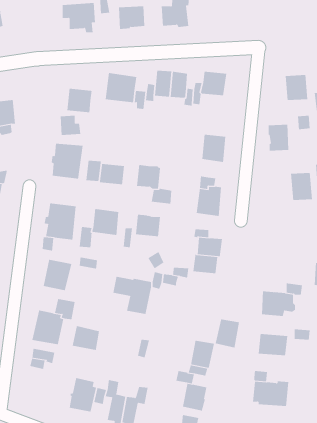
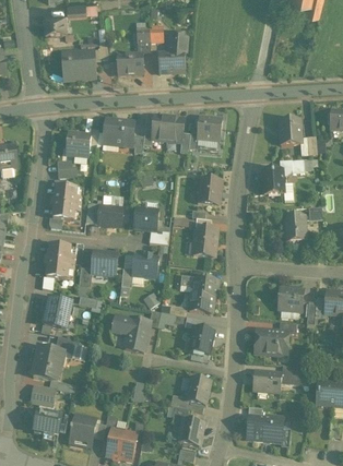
building: none -> [277,286,301,311]
building: [215,319,240,348] -> [188,326,212,355]
building: [72,326,100,350] -> [33,410,60,434]

